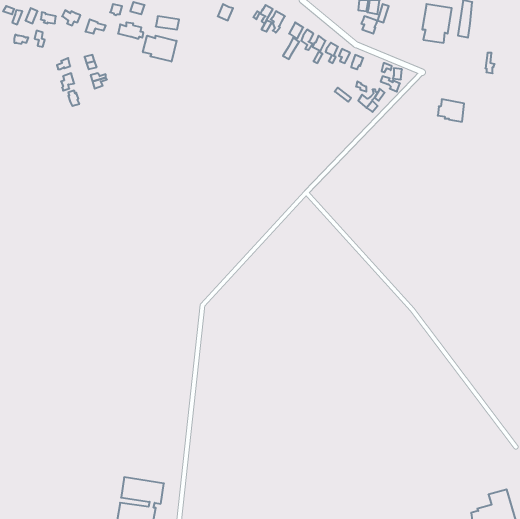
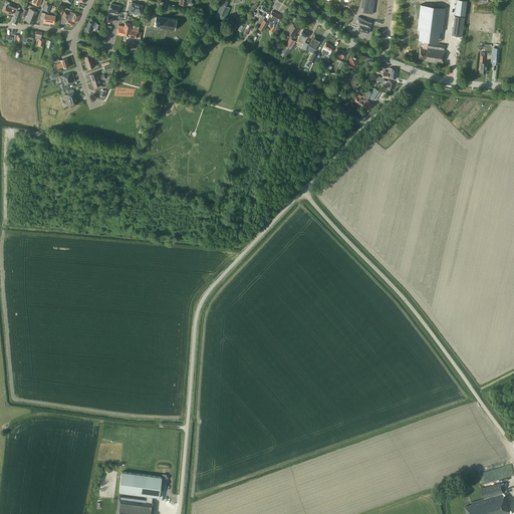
building: [143,36,177,62] -> none
building: [438,99,464,122] -> [419,42,445,64]

